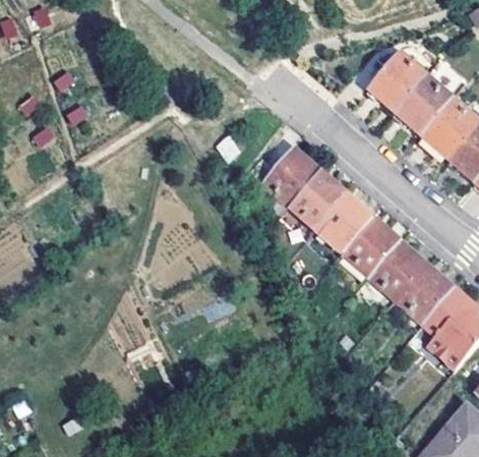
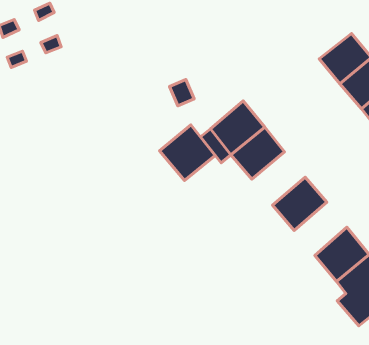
building: none -> [159,125,215,180]
building: [315,191,372,250] -> none
building: [369,238,425,297] -> none

